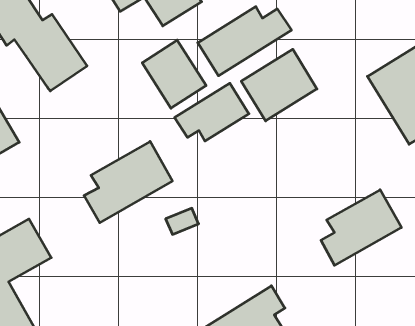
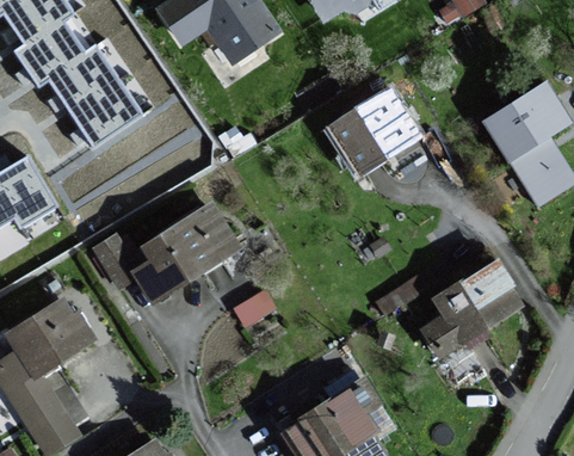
building: [198,7,291,76] -> none
building: [142,40,206,108] -> none
building: [175,83,249,141] -> none

